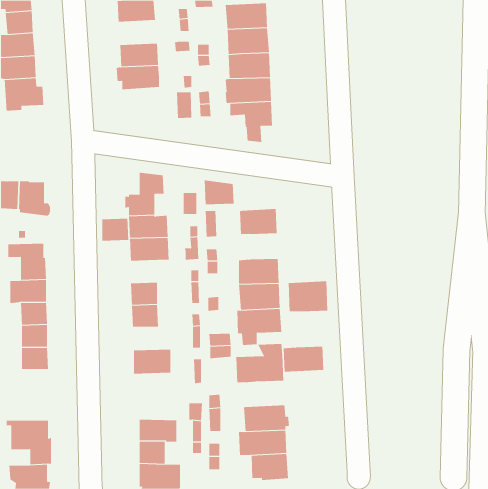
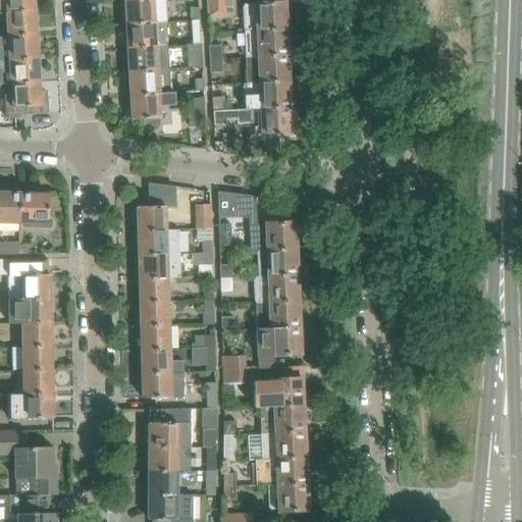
building: none -> [126,21,168,48]
building: none -> [128,93,175,130]
building: [102,218,129,241] -> [140,277,169,302]
building: none -> [266,249,298,276]
building: [288,281,328,312] -> none
building: none -> [142,349,184,373]
building: [283,346,324,372] -> [261,406,305,433]
building: none -> [10,394,53,419]
building: none -> [149,409,191,448]

